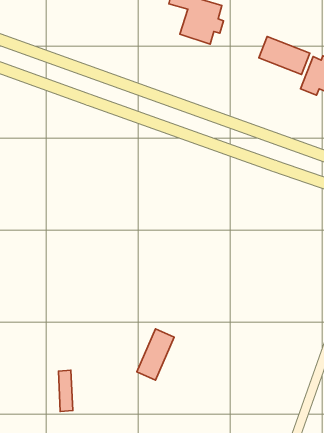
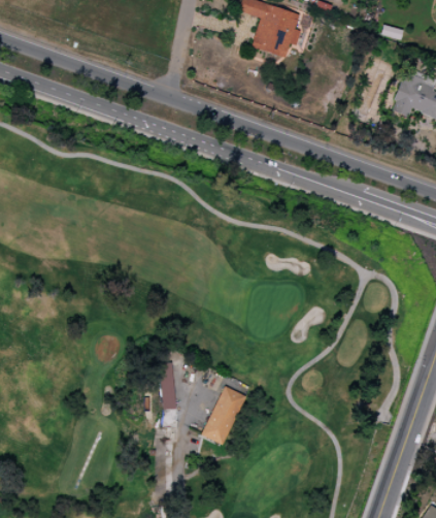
building: [259,37,310,74] -> none
building: [58,370,73,411] -> [160,362,176,410]

